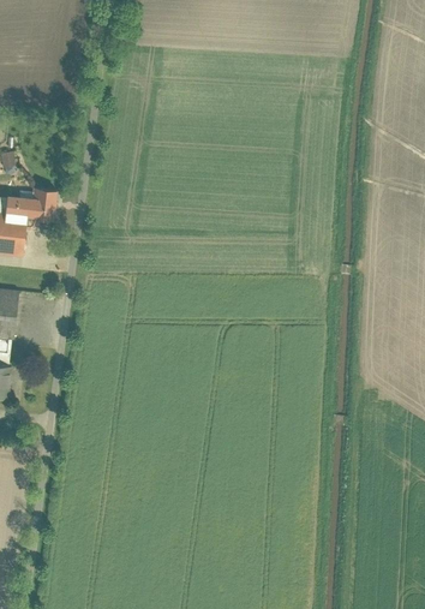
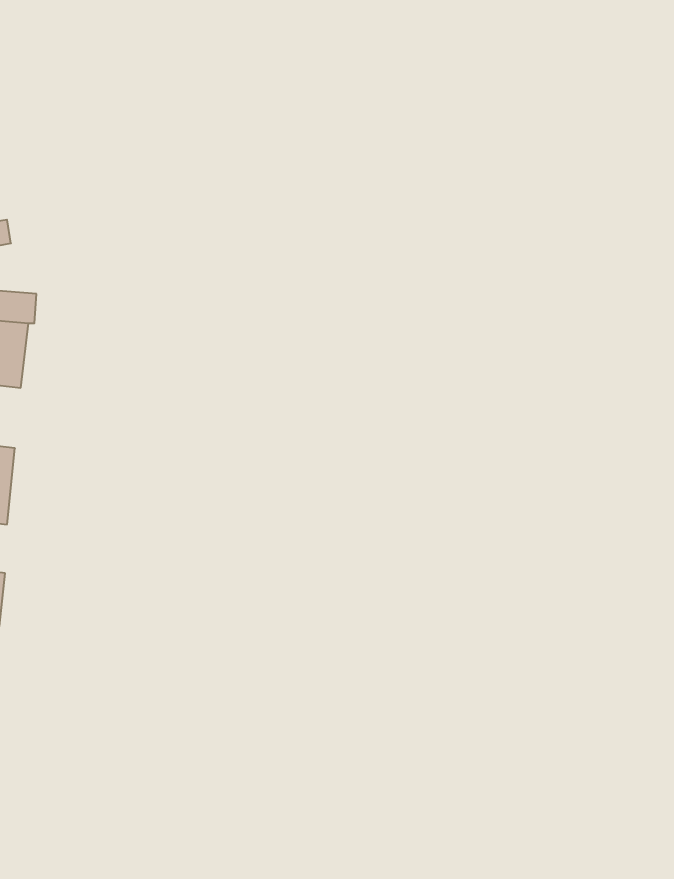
building: [30,187,53,217] -> none

